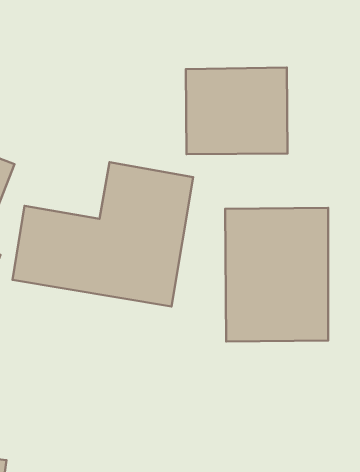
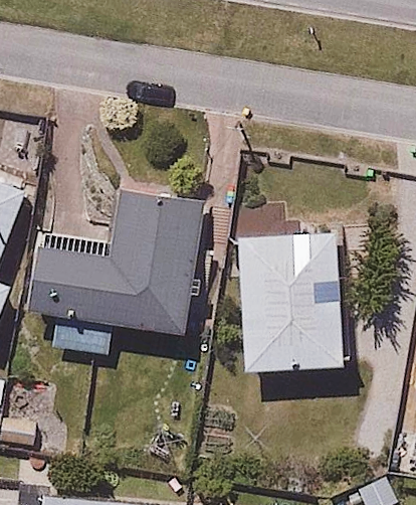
building: [186,67,287,154] -> none

